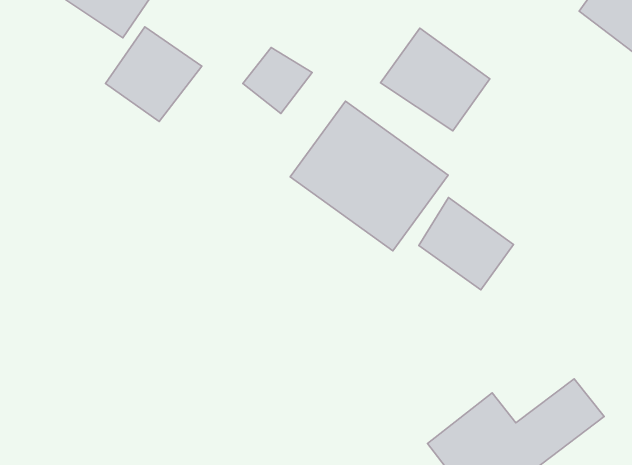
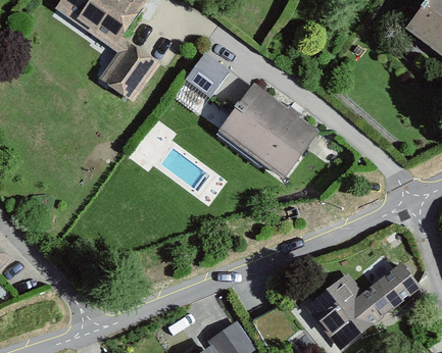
building: [380,28,490,131] -> none
building: [419,197,514,290] -> none

